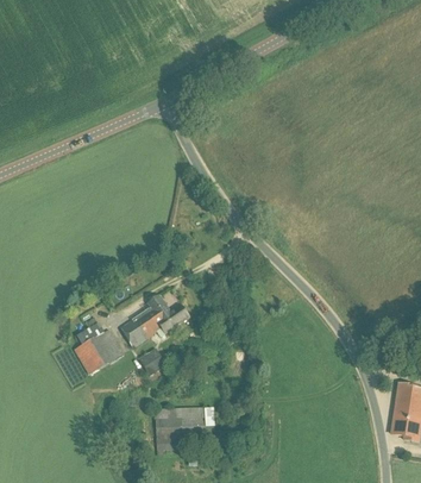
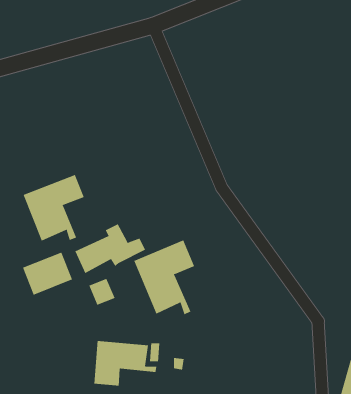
building: none -> [23,174,84,241]
building: none -> [133,240,195,315]

